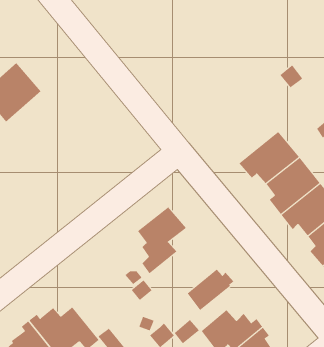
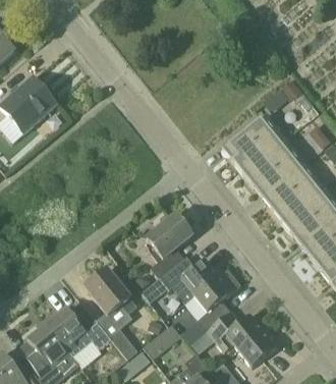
building: none -> [228,116,280,172]
building: none -> [160,256,222,303]
building: none -> [85,270,136,317]

